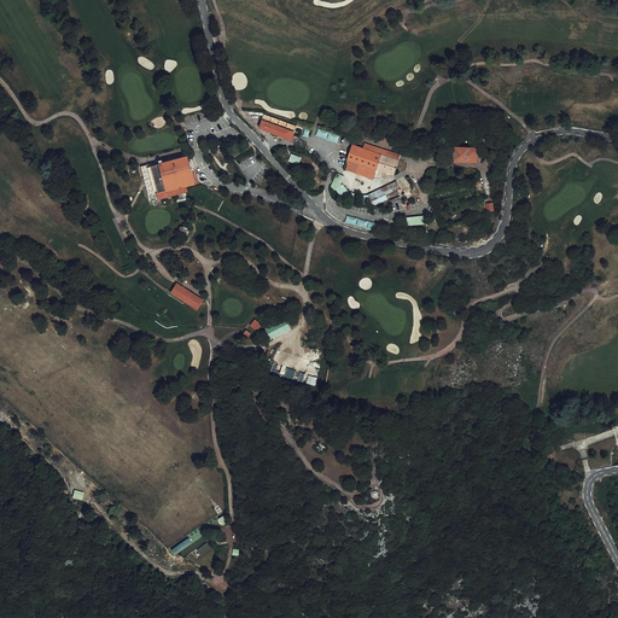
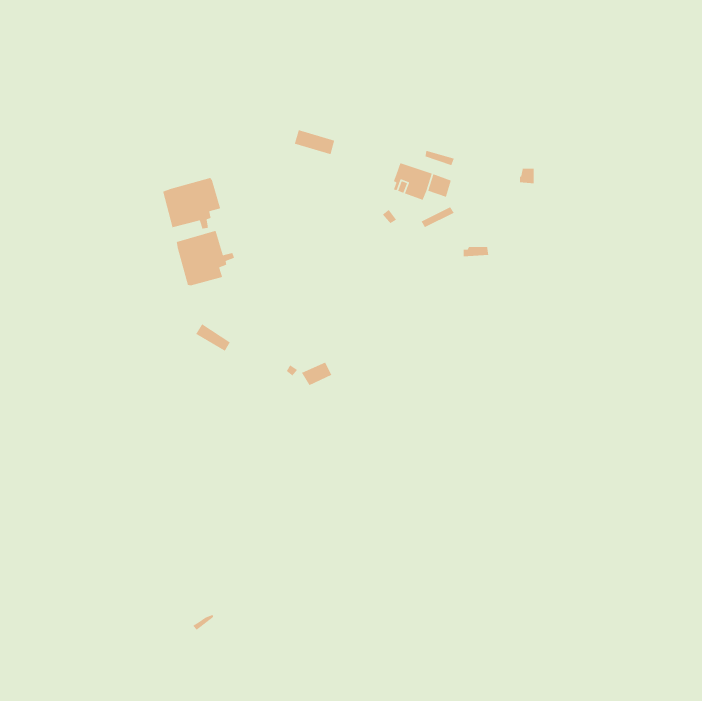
building: none -> [176,230,235,286]

